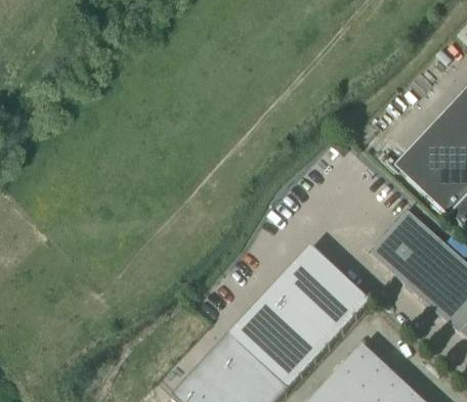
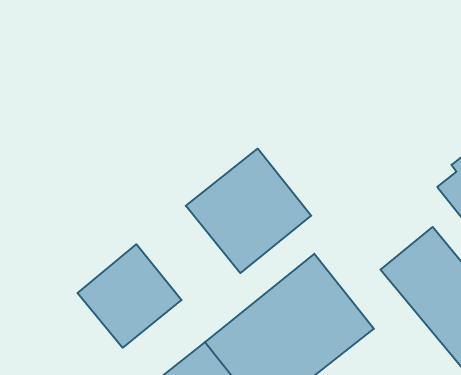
building: none -> [186,149,311,273]
building: none -> [77,244,182,348]

